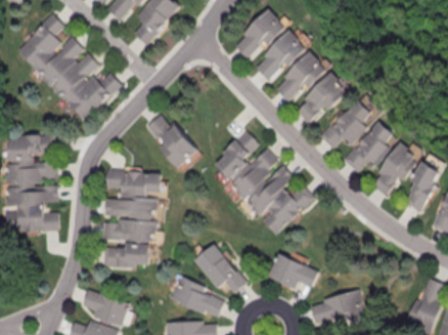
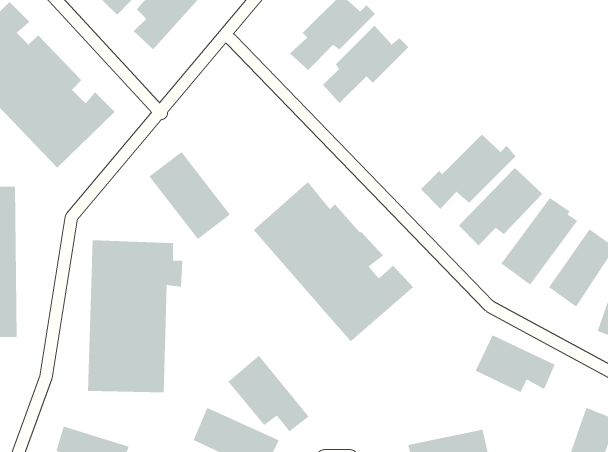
building: [276,50,331,100] -> none
building: [296,73,352,123] -> none
building: [267,252,319,290] -> [475,335,555,393]

